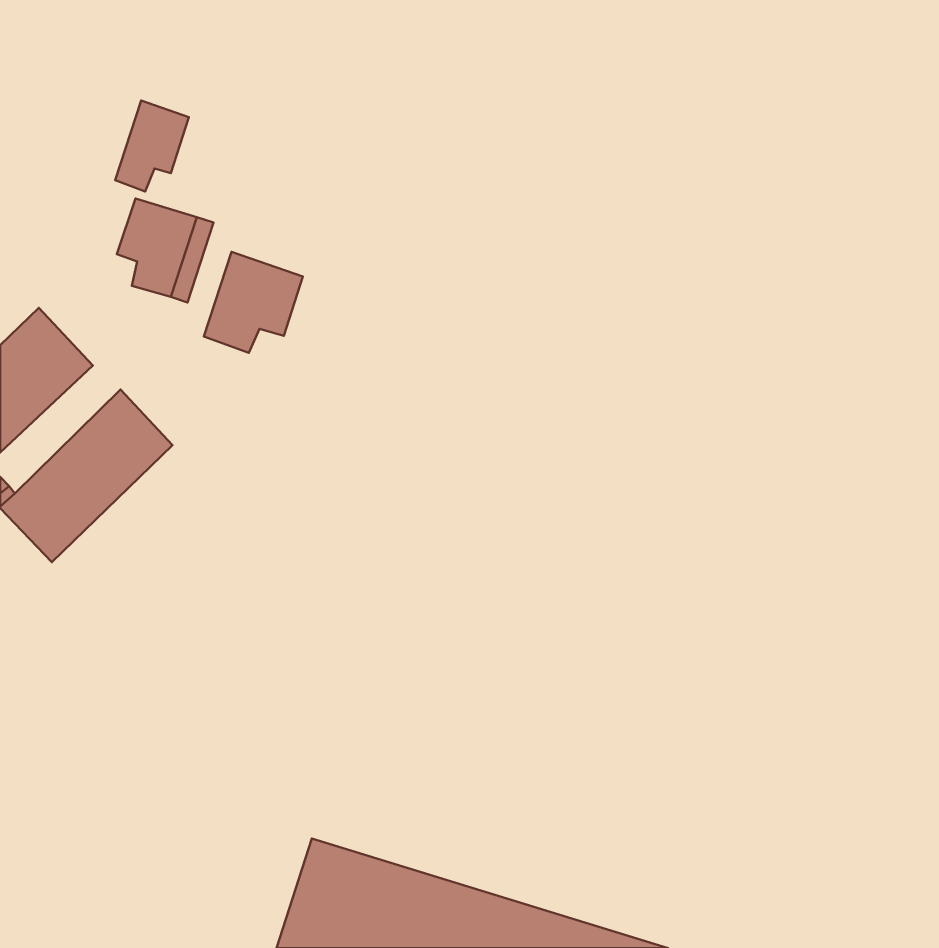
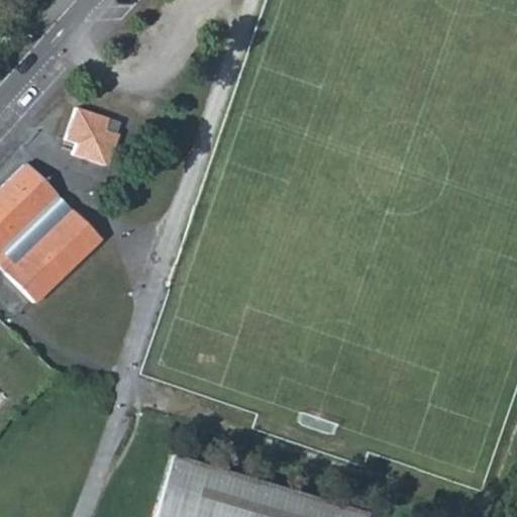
building: [115,100,189,191] -> none
building: [204,252,303,353] -> none

